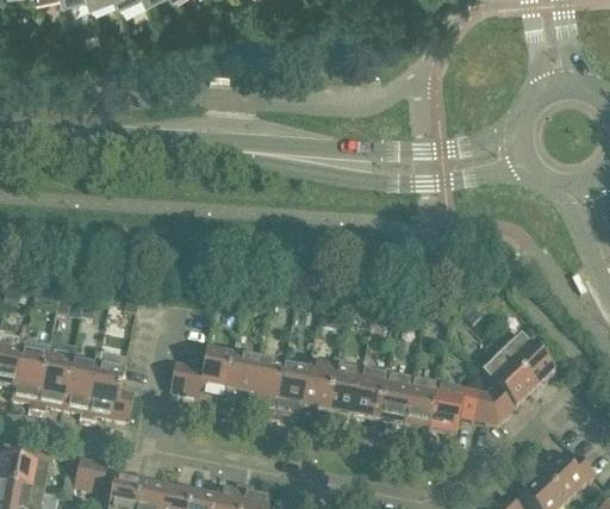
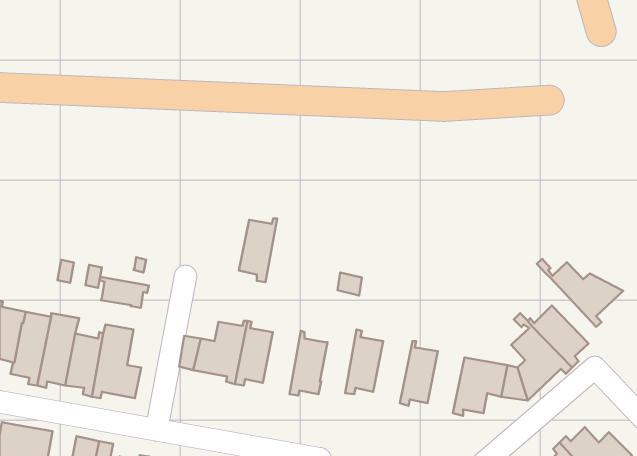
building: none -> [537,259,623,327]
building: none -> [100,277,149,308]
building: [303,359,337,418] -> none
building: [249,360,285,420] -> [239,219,277,282]
building: [353,368,390,428] -> none
building: [404,378,440,437] -> none

